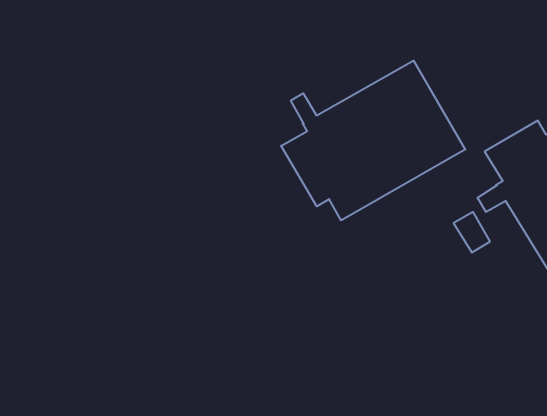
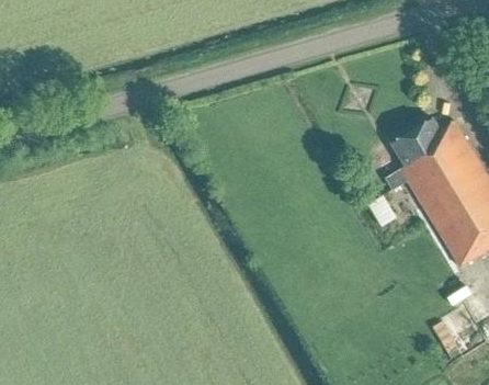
building: [281,61,465,220] -> none

